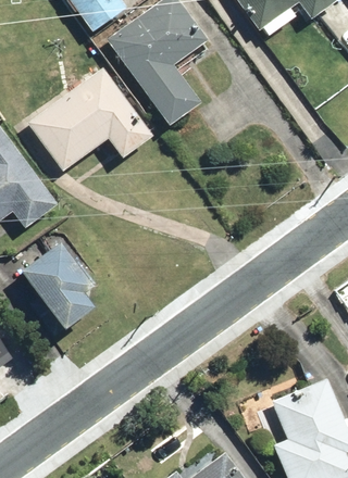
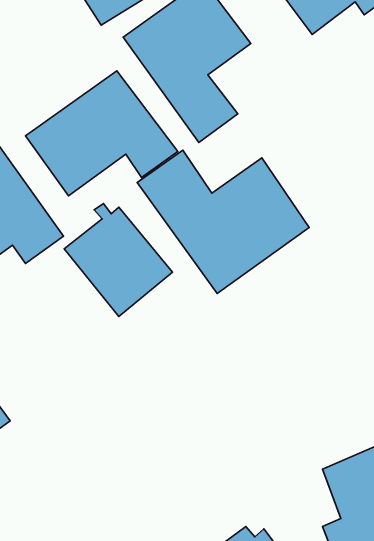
building: none -> [137,150,309,293]
building: [16,234,107,328] -> [64,203,172,317]

